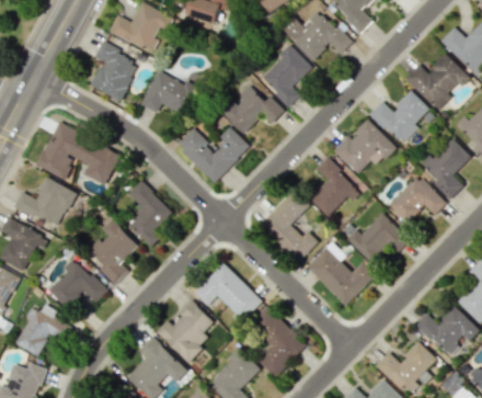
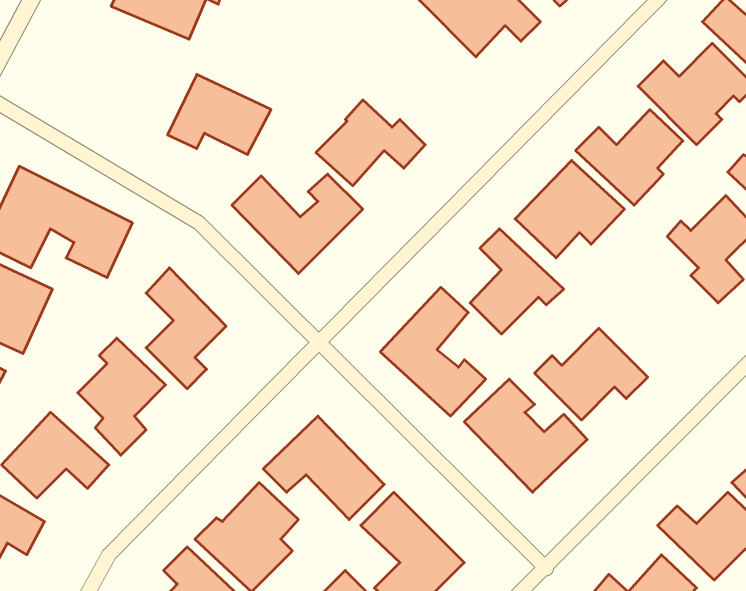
building: [90,43,139,101] -> none
building: [260,46,313,106] -> none
building: [389,175,447,224] -> none

